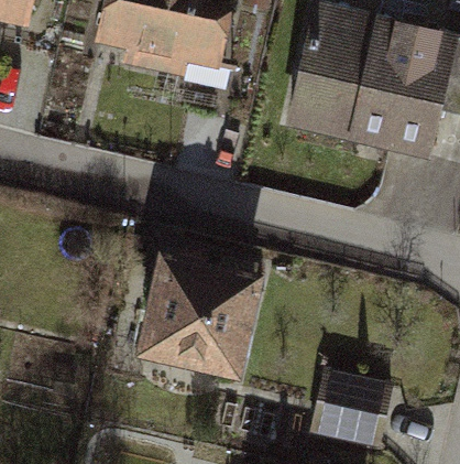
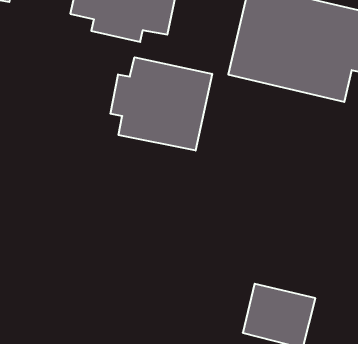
building: none -> [110,57,212,151]
building: [139,252,263,375] -> none

